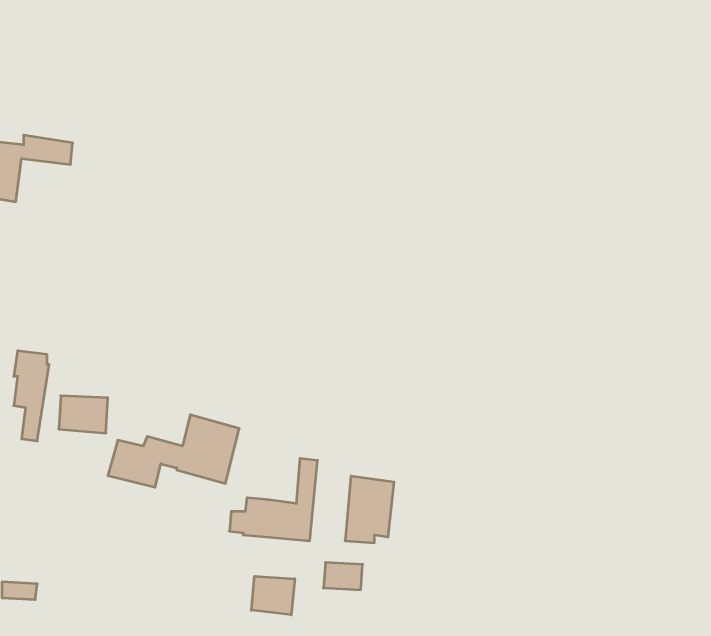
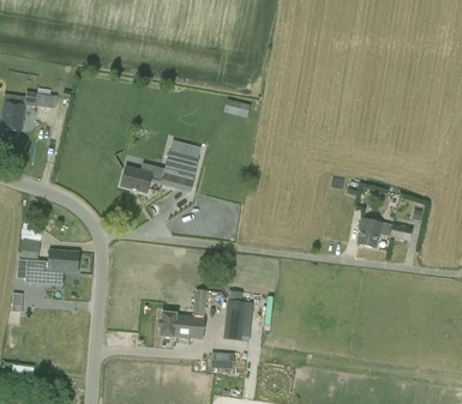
building: none -> [356,218,413,248]
building: [108,415,239,487] -> [119,150,199,194]
building: [251,576,295,615] -> none

